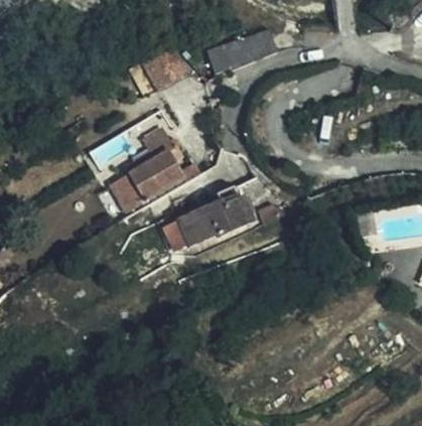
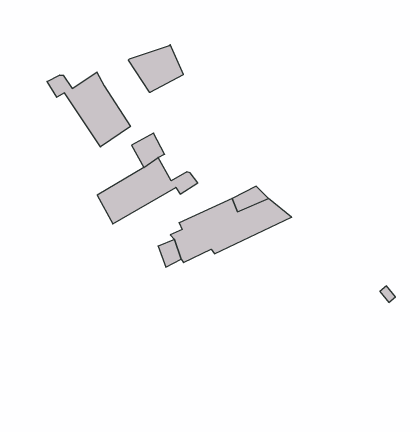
building: [206,30,274,75] -> none
building: none -> [47,72,130,147]

